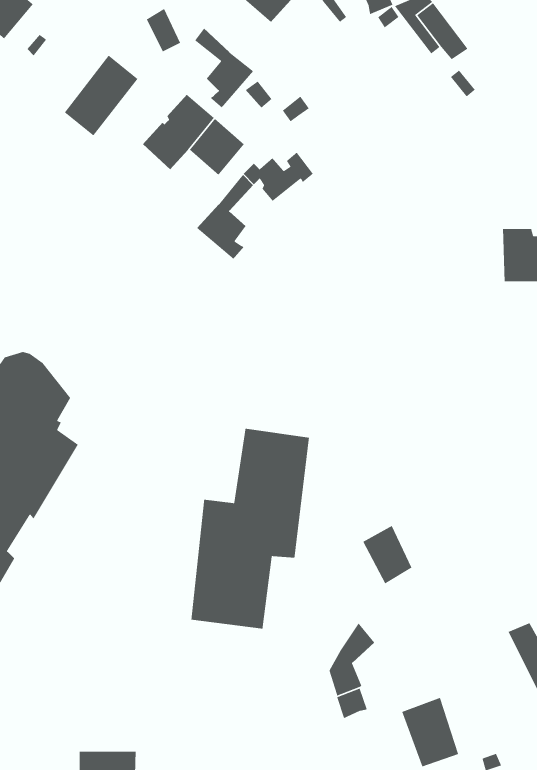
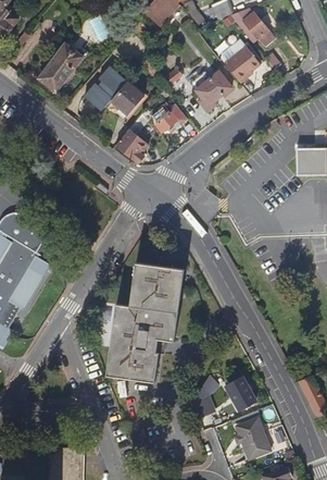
building: [194,28,254,108] -> none
building: none -> [222,40,263,85]
building: none -> [200,69,236,104]
building: [362,525,413,585] -> [226,376,255,410]

